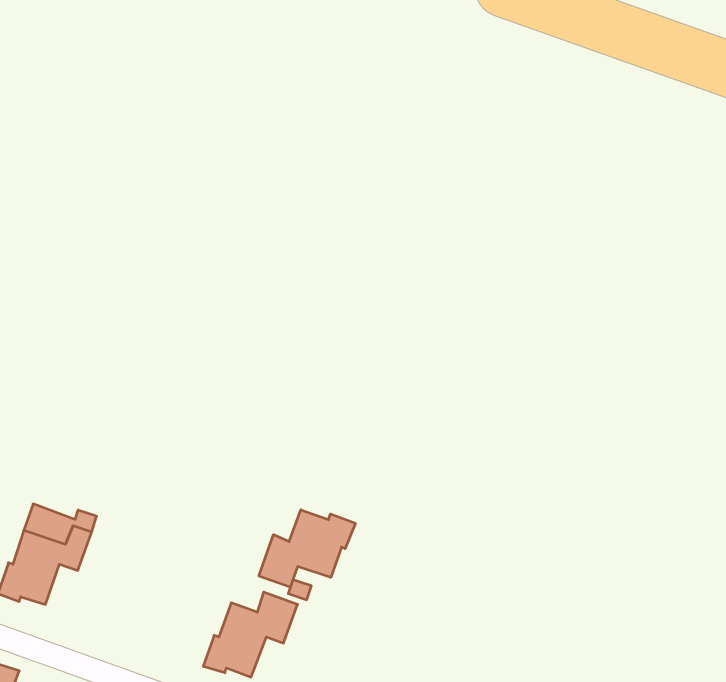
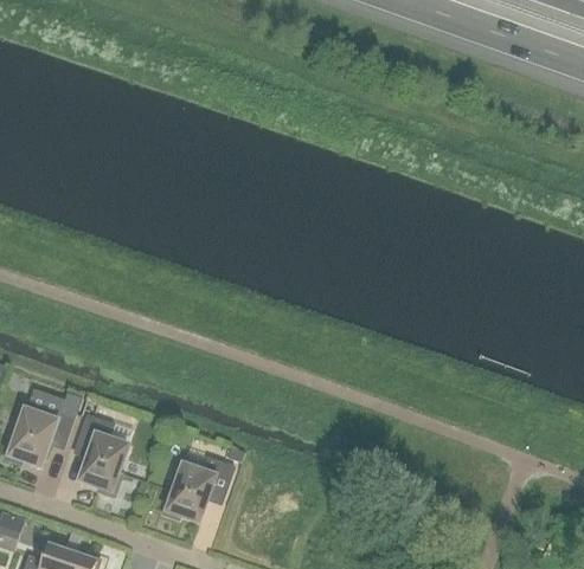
building: [259,510,355,587] -> none
building: none -> [75,414,127,494]

